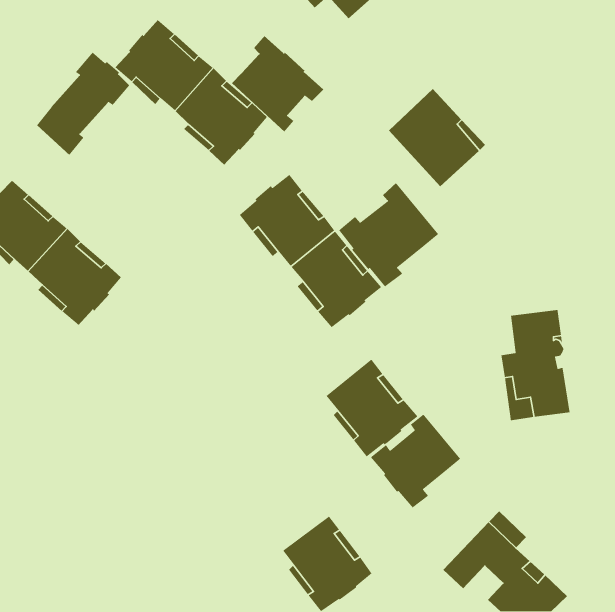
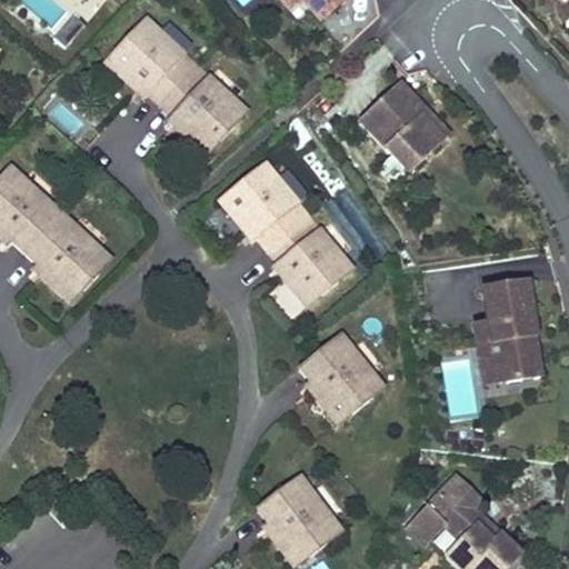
building: [231,35,324,133] -> none
building: [36,52,130,156] -> none
building: [338,182,439,288] -> none
building: [370,413,461,509] -> none

